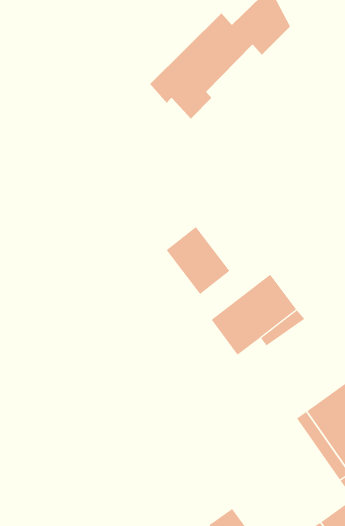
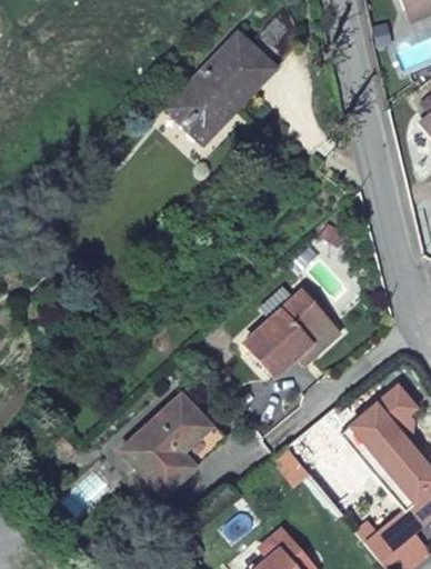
building: [166,226,230,295] -> none
building: none -> [124,391,230,492]

